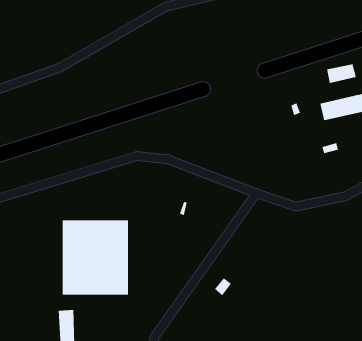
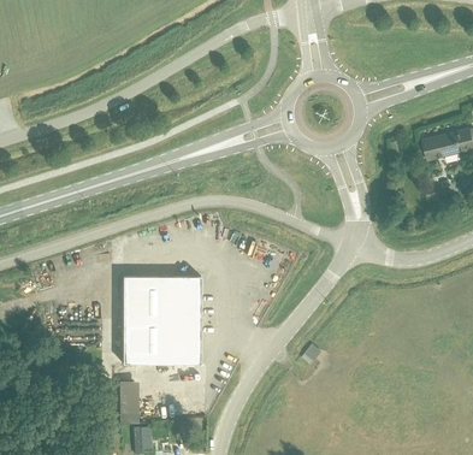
building: [327,64,357,84] -> none

